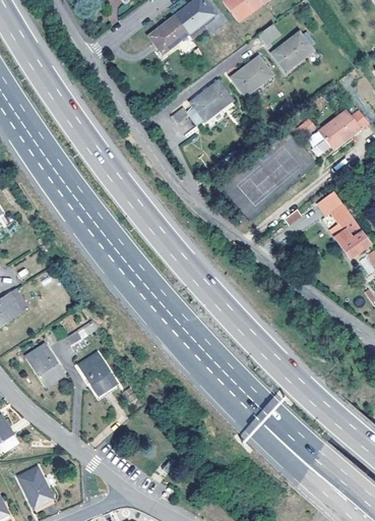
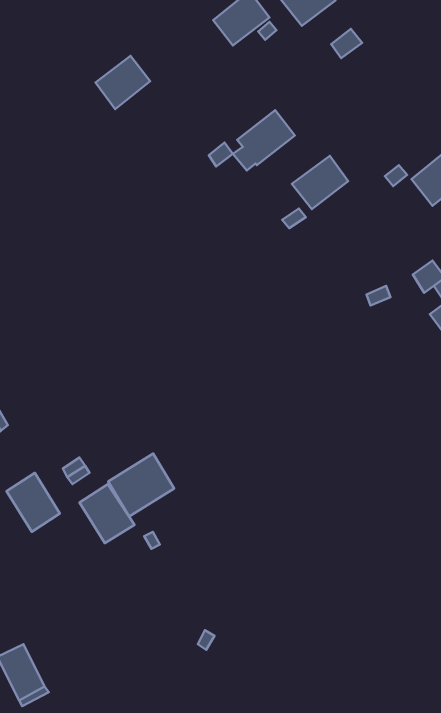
building: [148,16,188,55] -> [95,56,150,109]
building: [272,32,313,71] -> none
building: [232,57,272,96] -> [292,156,348,209]
building: none -> [108,454,174,517]

